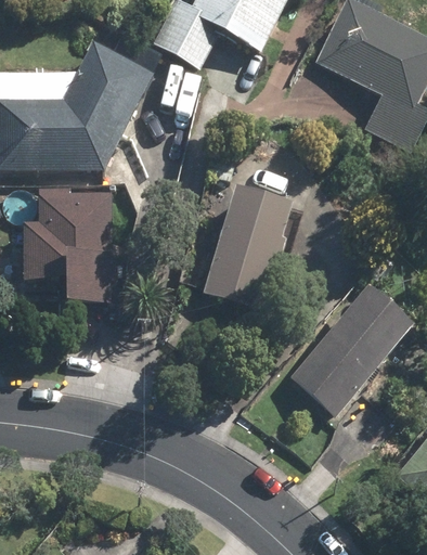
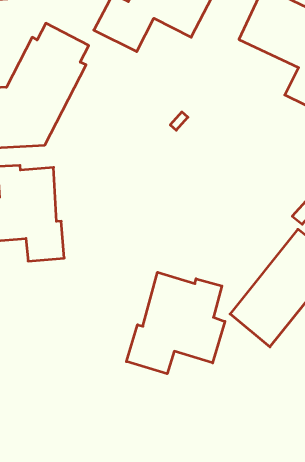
building: [204,191,306,312] -> none
building: none -> [126,272,225,374]

